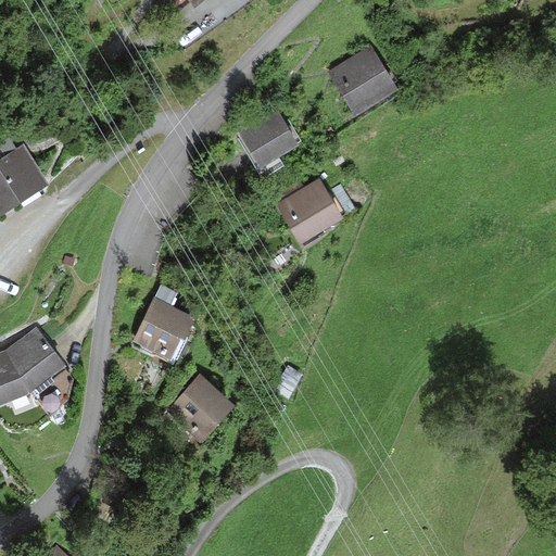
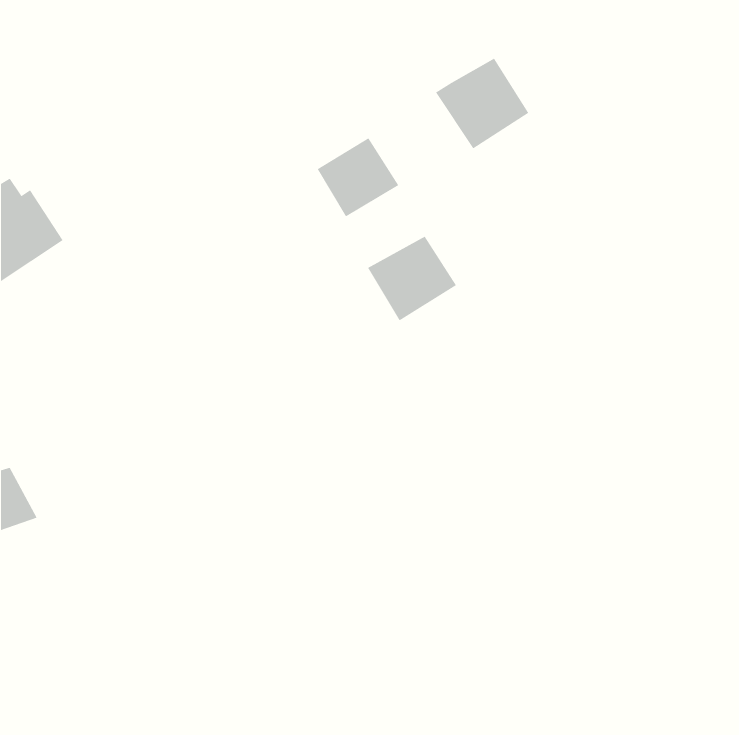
building: [131,298,195,362] -> none
building: [8,332,62,392] -> none
building: [166,375,235,441] -> none

